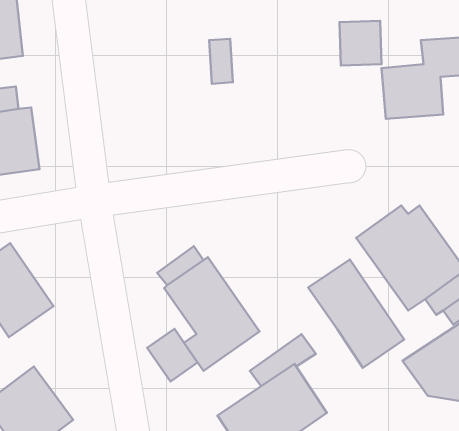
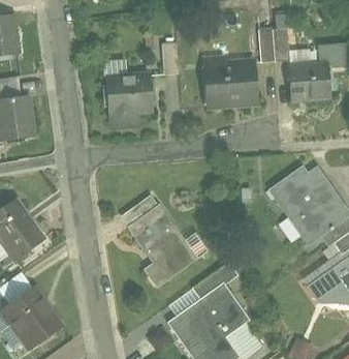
building: none -> [201,57,258,110]
building: none -> [105,70,151,125]
building: [308,259,404,368] -> none
building: [147,329,198,381] -> none

